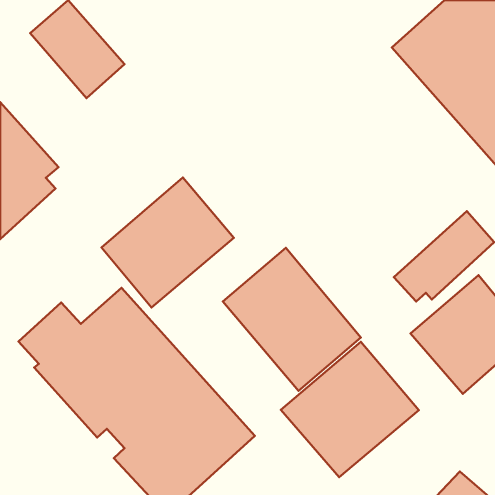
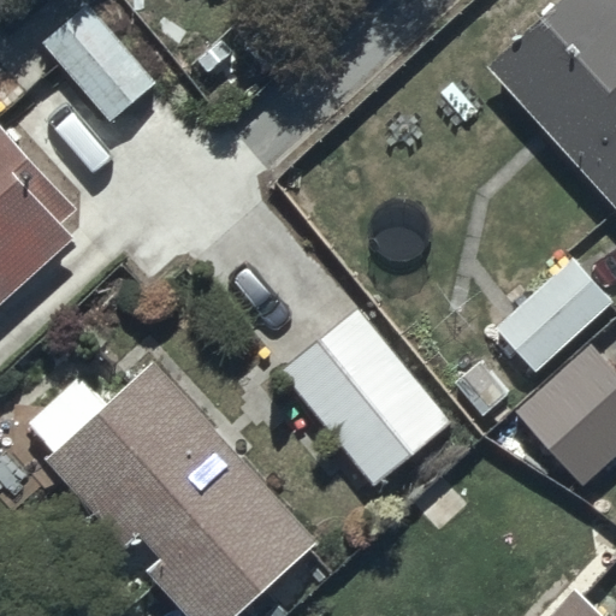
building: [101,178,234,307] -> none
building: [281,342,419,477] -> none

